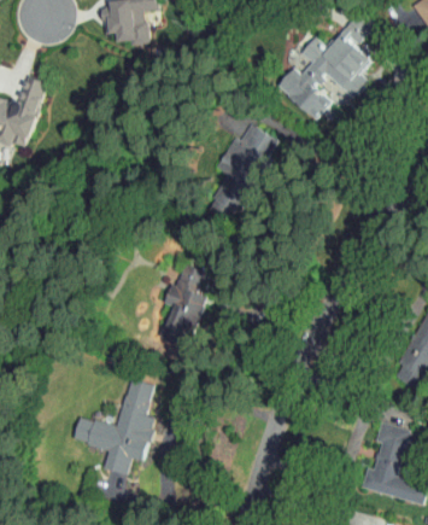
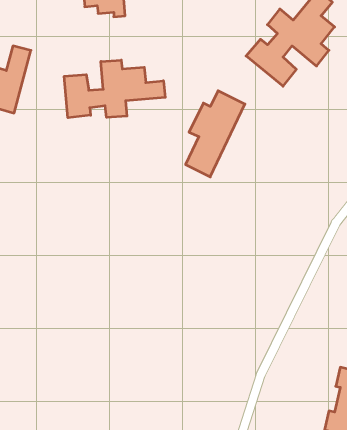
building: none -> [64,60,165,118]
building: [157,262,205,346] -> none
building: [74,379,154,474] -> none

